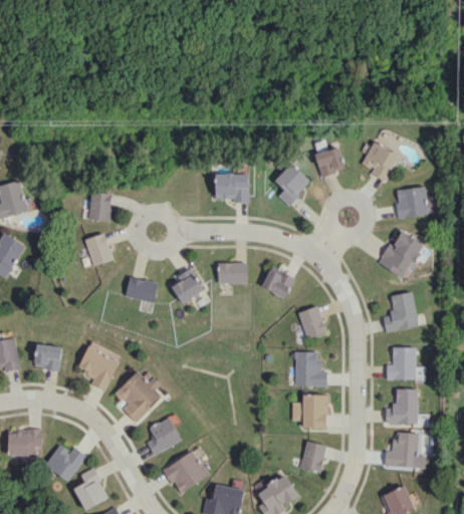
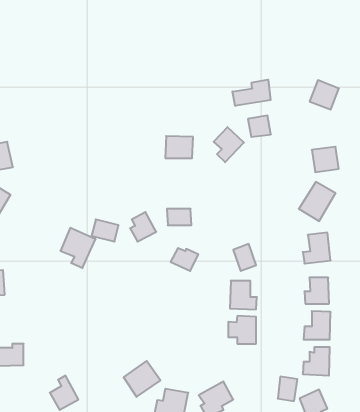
building: none -> [232,80,271,106]
building: [362,143,398,179] -> [310,80,339,110]
building: [89,192,111,221] -> none
building: [84,233,112,266] -> none
building: [261,270,295,298] -> [171,248,198,271]
building: [77,341,121,391] -> [60,228,96,268]
building: [34,344,61,369] -> none
building: [114,371,162,422] -> none
building: [147,417,181,455] -> none
building: [301,442,325,472] -> [278,377,297,401]
building: [45,445,86,482] -> none

